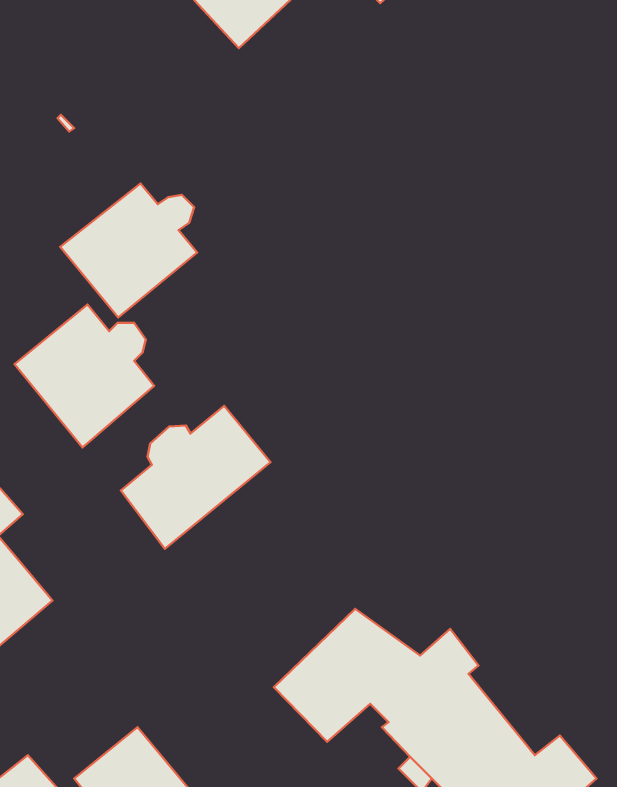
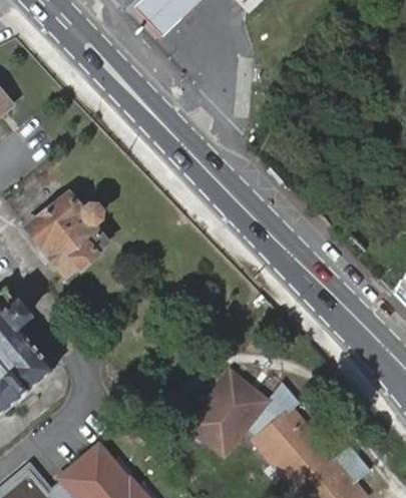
building: [60,184,197,318] -> none
building: [121,406,270,549] -> none

